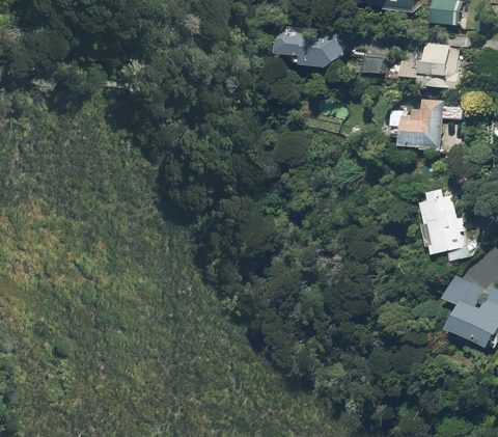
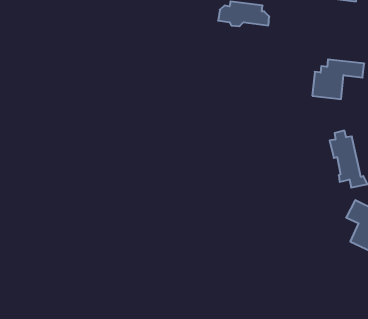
building: [399,43,454,91] -> none
building: [360,53,384,74] -> none

